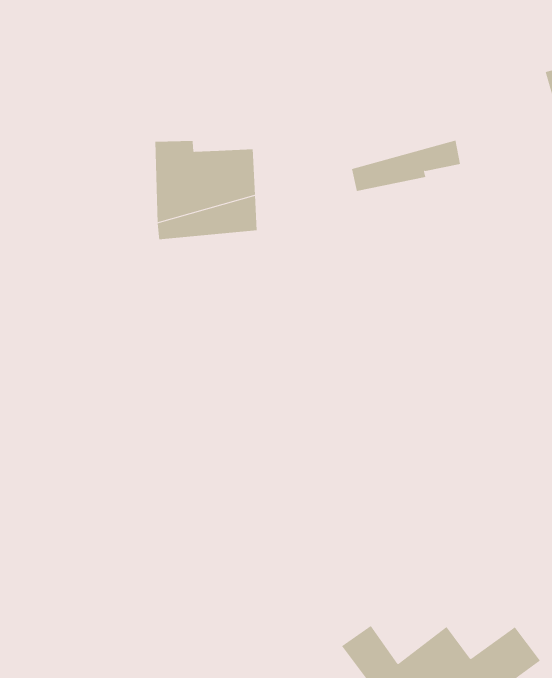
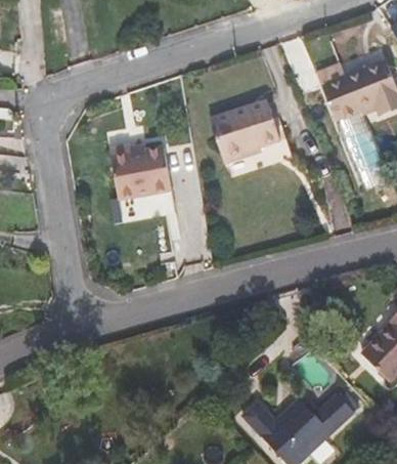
building: none -> [210,99,276,151]

